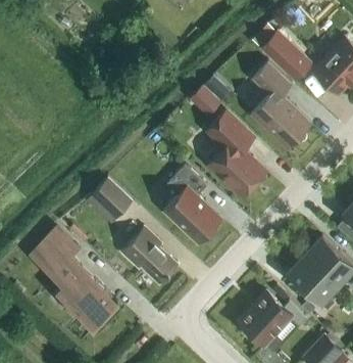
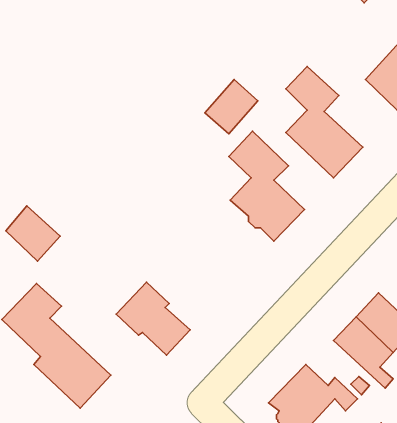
building: [260,31,311,81] -> none
building: [163,166,220,243] -> none
building: [90,177,132,220] -> [6,206,60,261]

